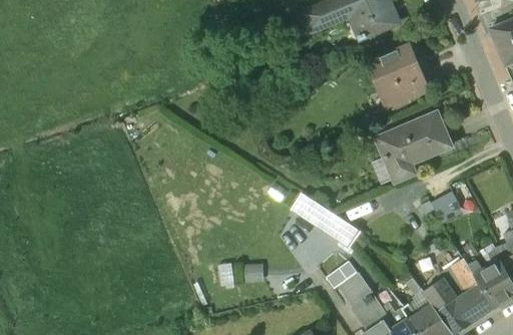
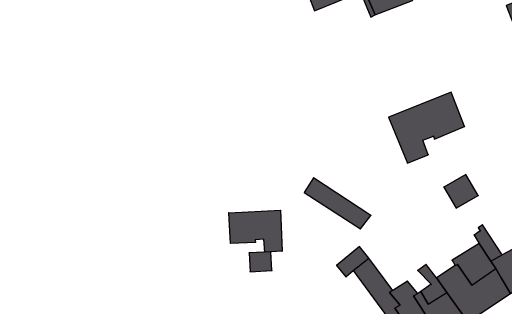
building: [368,46,426,106] -> none
building: none -> [229,210,282,252]

